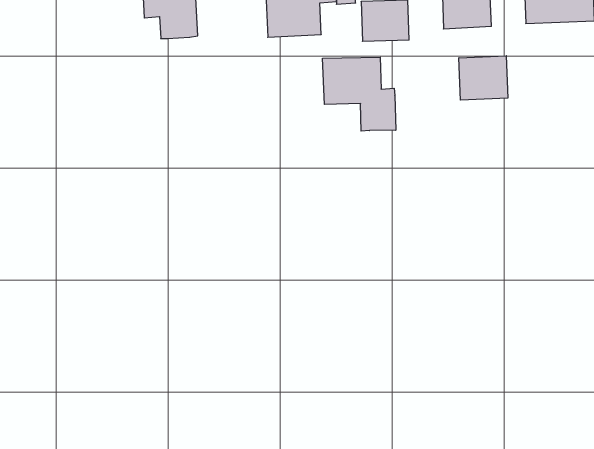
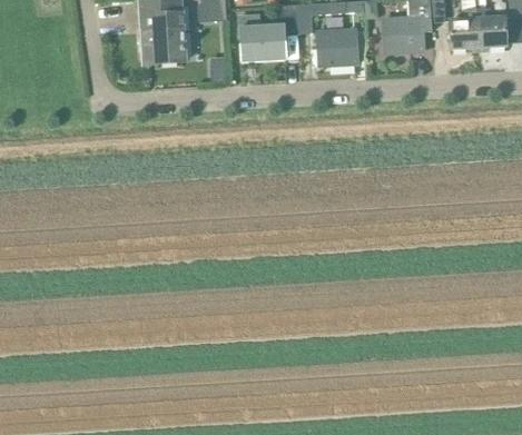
building: [459,56,508,100] -> none
building: [323,57,396,131] -> none

